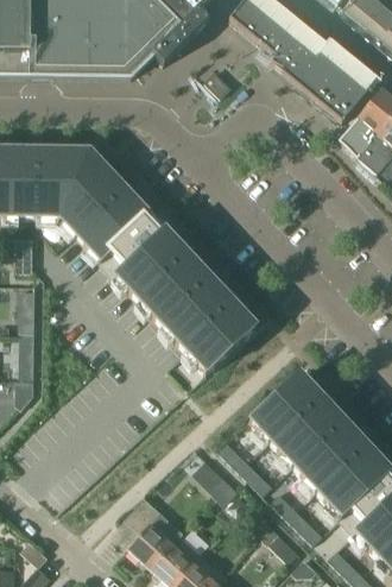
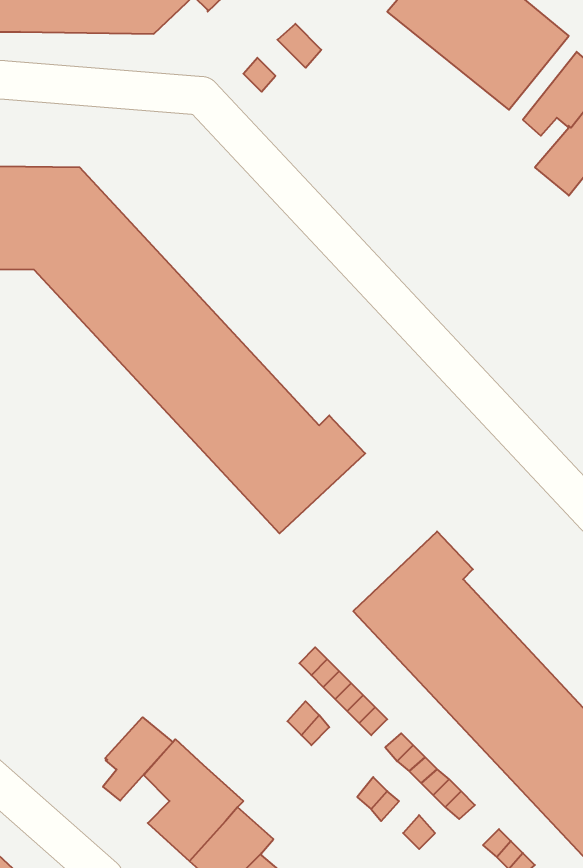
building: none -> [103,717,173,801]

